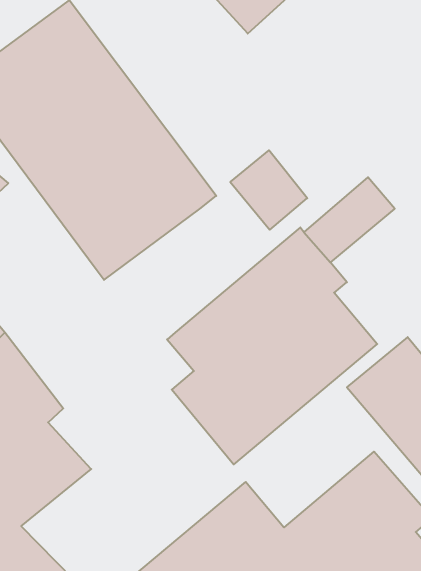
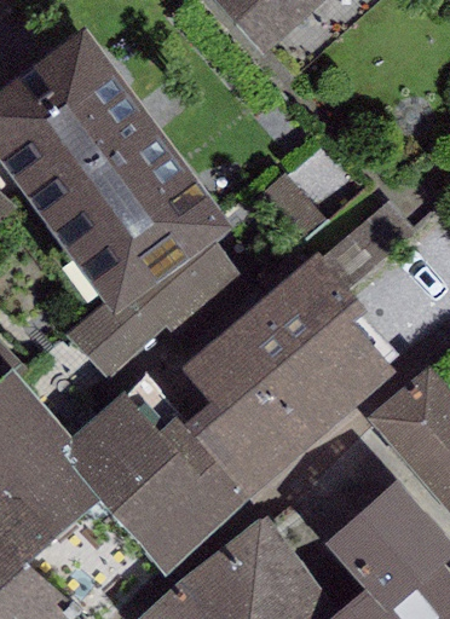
building: none -> [65,235,256,376]
building: none -> [56,382,248,575]

